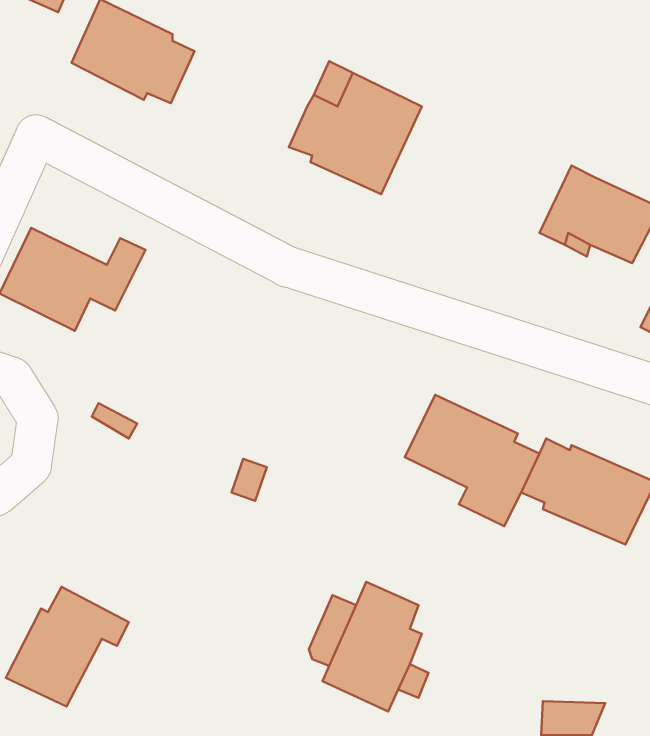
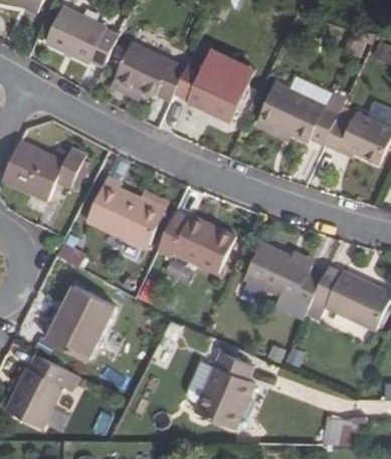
building: none -> [114,43,185,102]
building: none -> [258,83,347,145]
building: none -> [86,177,165,247]
building: none -> [156,212,235,277]
building: none -> [46,286,116,361]

